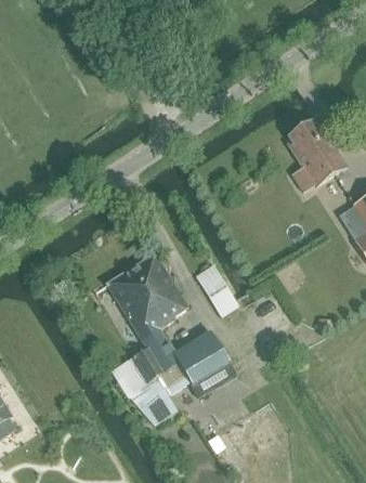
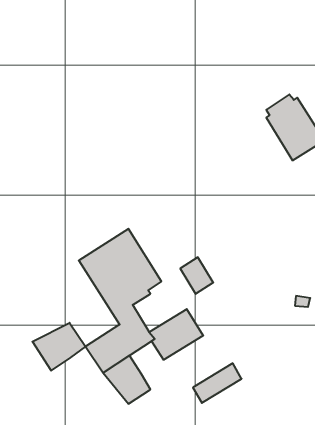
building: none -> [32,323,85,371]
building: [188,357,236,396] -> [193,363,242,403]

